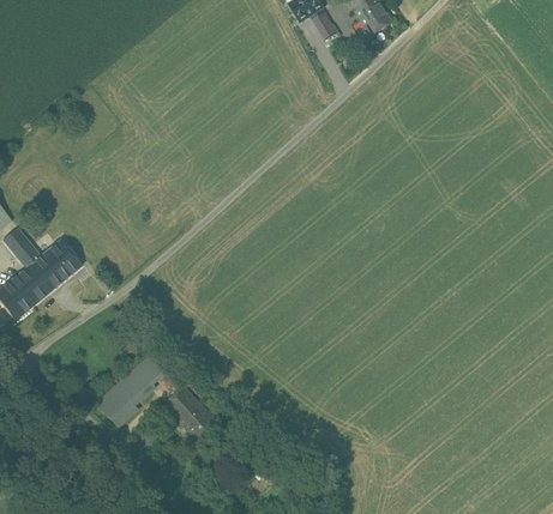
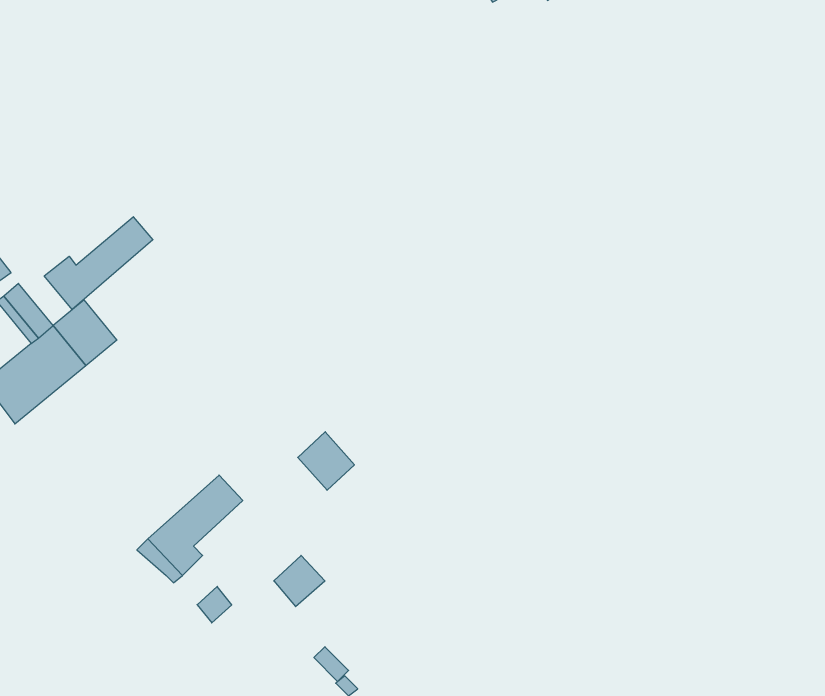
building: none -> [44,217,153,310]
building: [166,385,203,423] -> [298,432,354,490]

